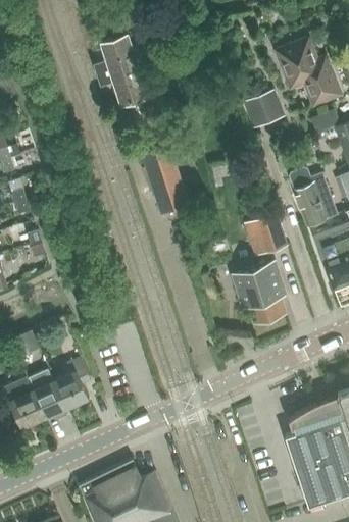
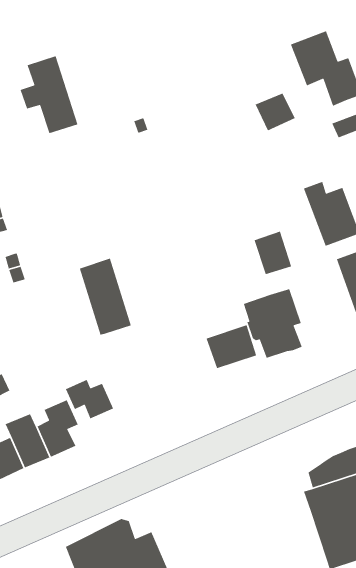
building: [96,36,147,104] -> [19,55,78,134]
building: [143,144,189,211] -> [79,258,132,335]
building: none -> [206,324,257,369]
building: none -> [65,379,114,420]

